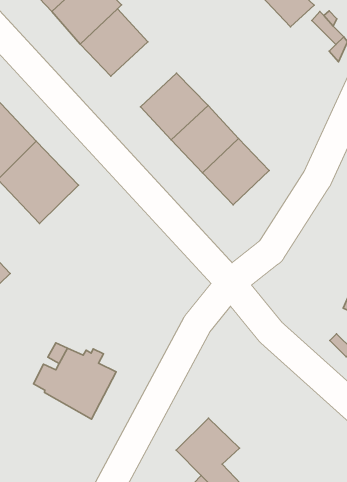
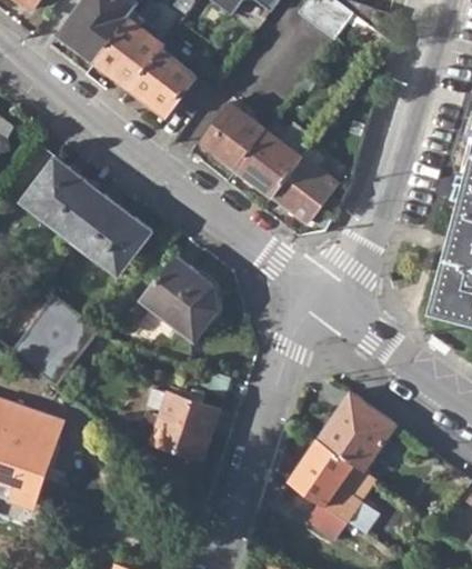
building: none -> [142,256,218,339]
building: none -> [317,395,394,470]

